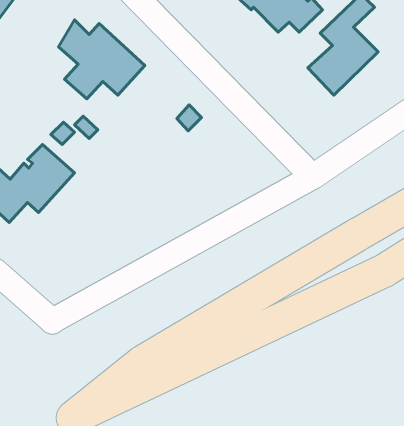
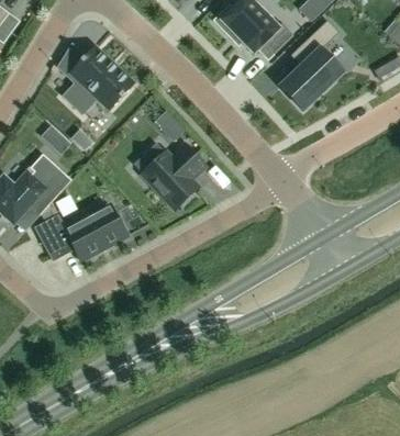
building: none -> [142,144,205,209]
building: none -> [35,204,126,260]

